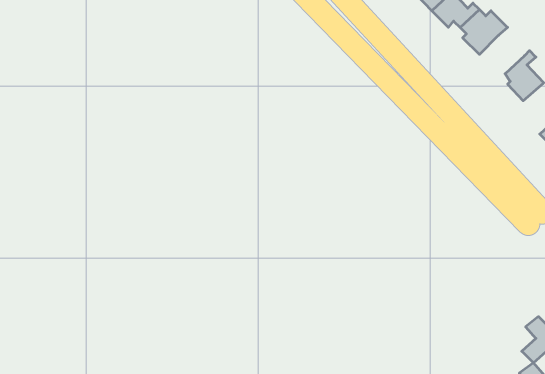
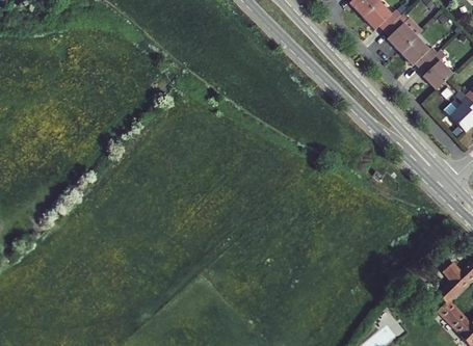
building: none -> [401,36,438,68]

